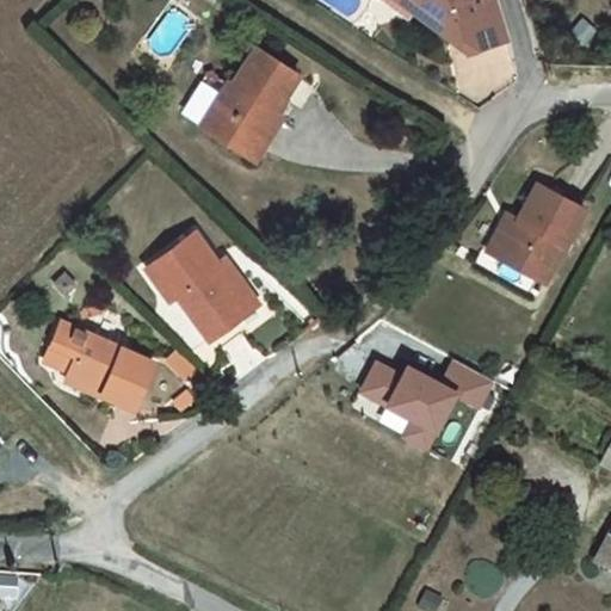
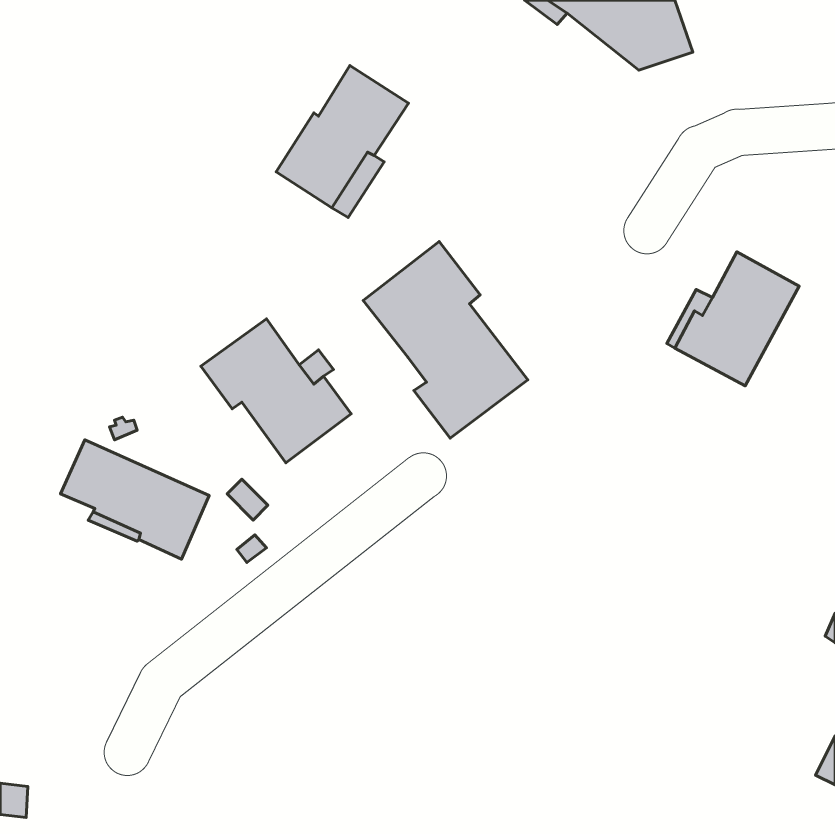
building: none -> [363,241,528,438]
building: [362,360,492,448] -> none

